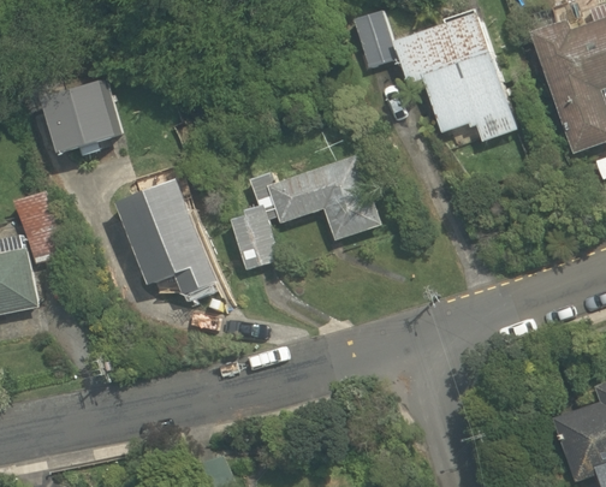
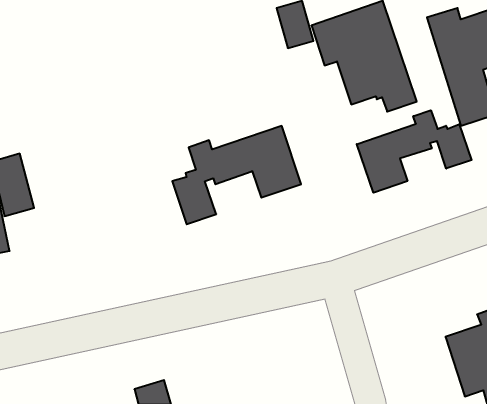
building: [48,83,121,155] -> none
building: none -> [357,110,472,193]
building: [118,178,216,292] -> none

